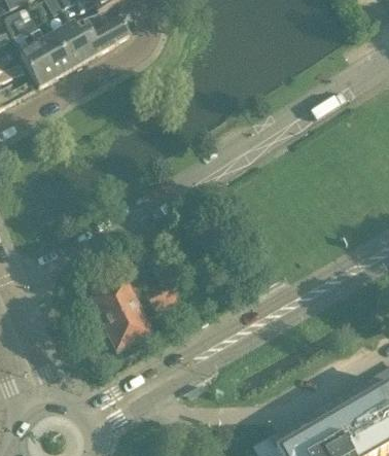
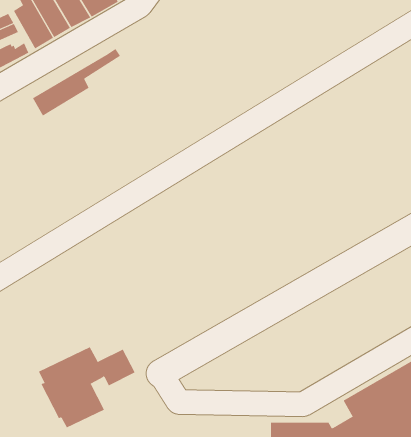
building: none -> [32,48,121,116]
building: [91,275,179,349] -> [38,346,136,428]

